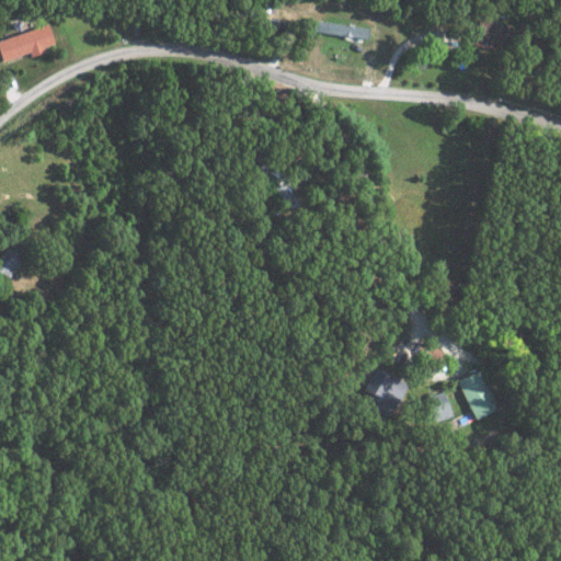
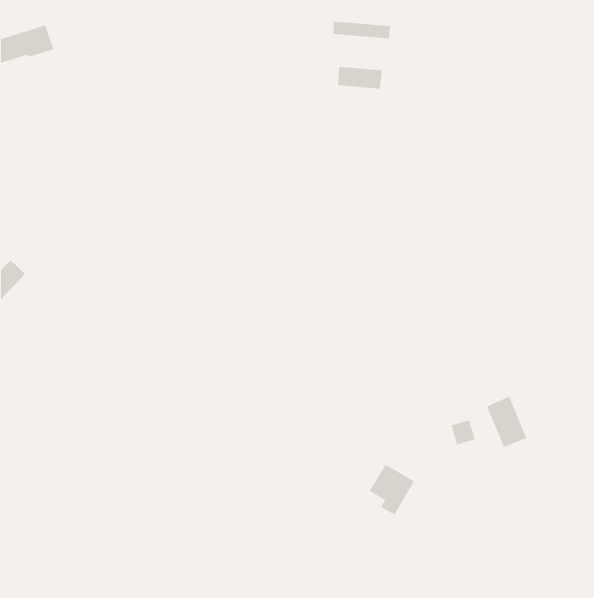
building: none -> [338,66,383,90]
building: [365,368,408,416] -> [369,464,415,515]

